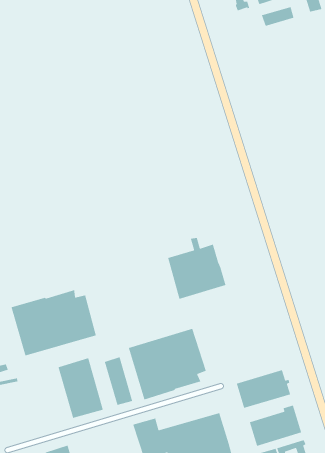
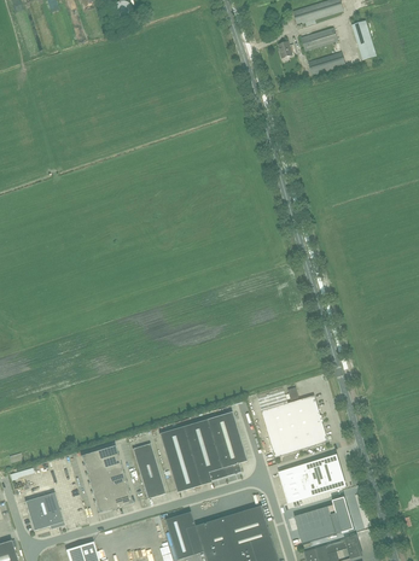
building: [167,237,227,300] -> [261,387,327,457]
building: [10,289,97,357] -> none
building: none -> [24,492,63,531]

